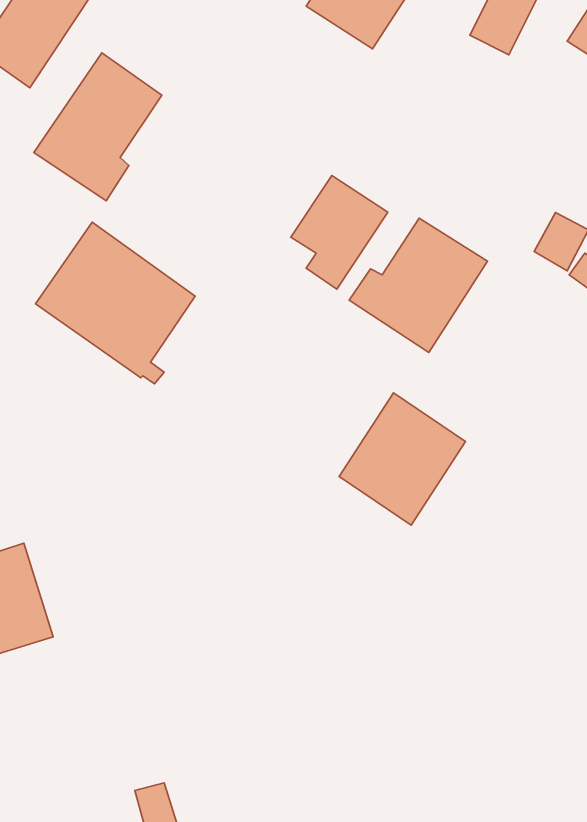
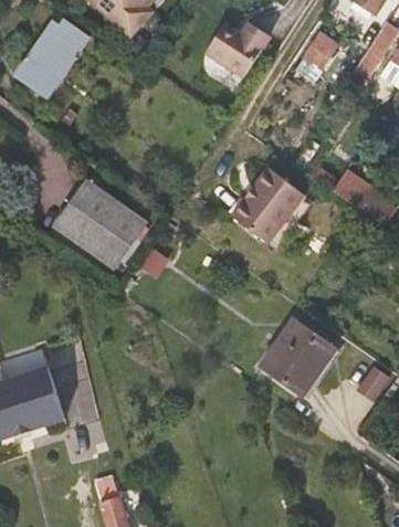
building: [34,53,162,201] -> none
building: [291,175,388,289] -> none
building: [339,393,466,525] -> [270,320,342,396]

